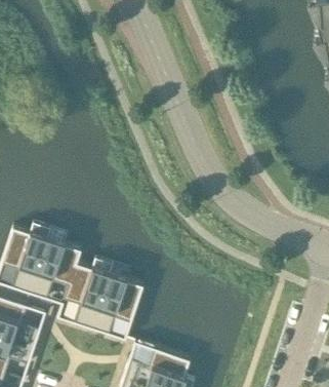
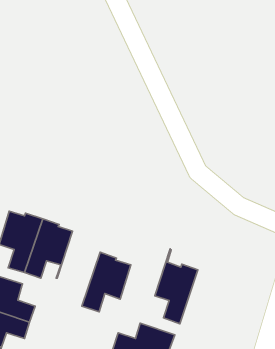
building: [65,249,111,330] -> [155,249,198,324]

